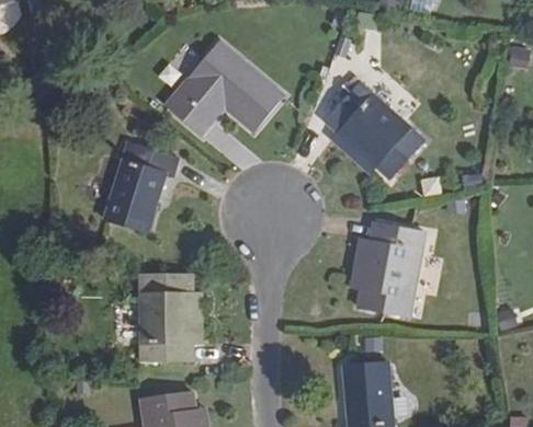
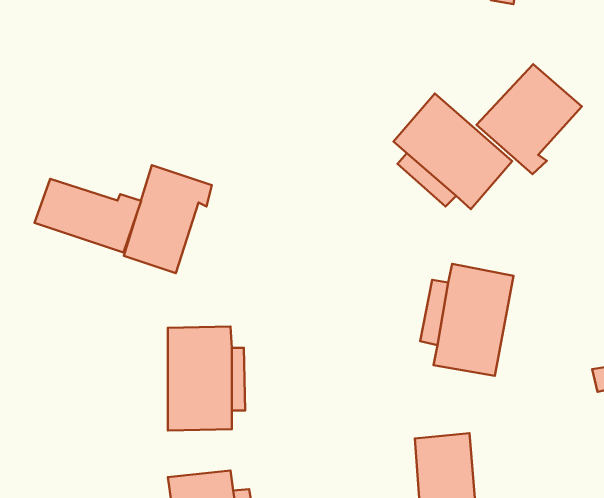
building: [167,43,283,134] -> none
building: none -> [476,64,582,174]
building: none -> [35,179,141,253]

